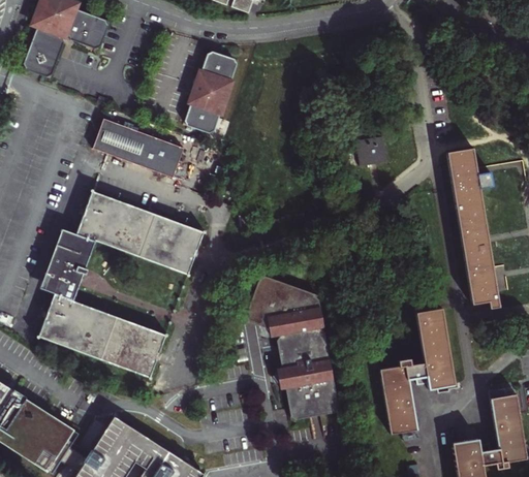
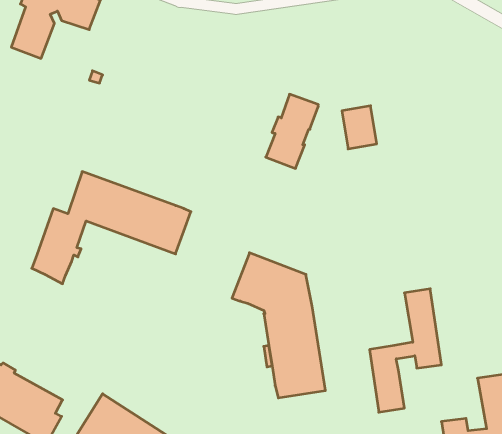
building: [181,54,234,128] -> [266,94,318,168]
building: [94,119,183,177] -> none
building: [447,140,499,308] -> none
building: [38,294,164,381] -> none

